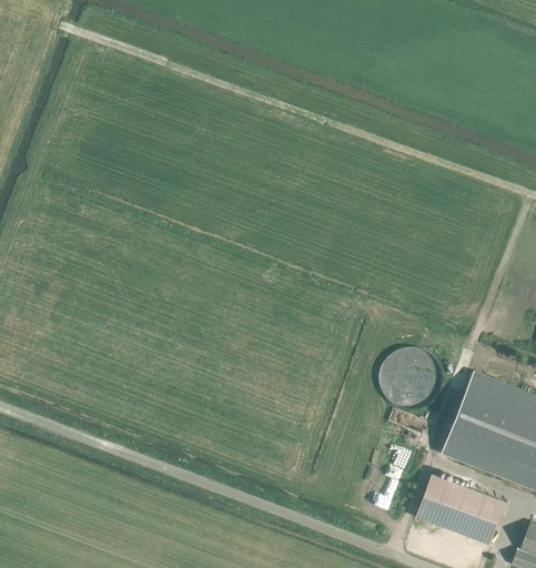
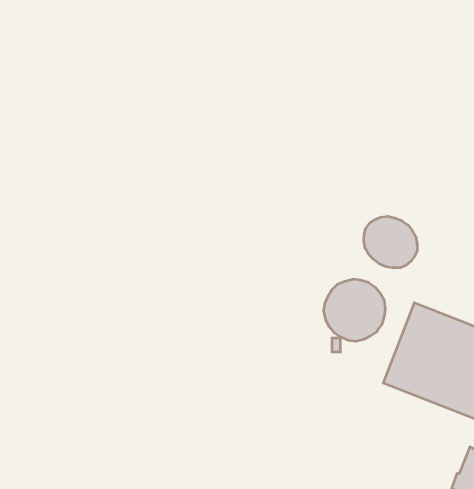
building: none -> [364,216,417,268]
building: [415,471,506,544] -> none

